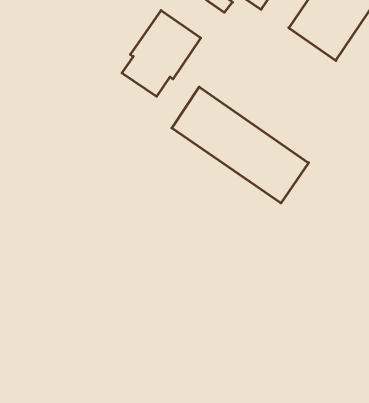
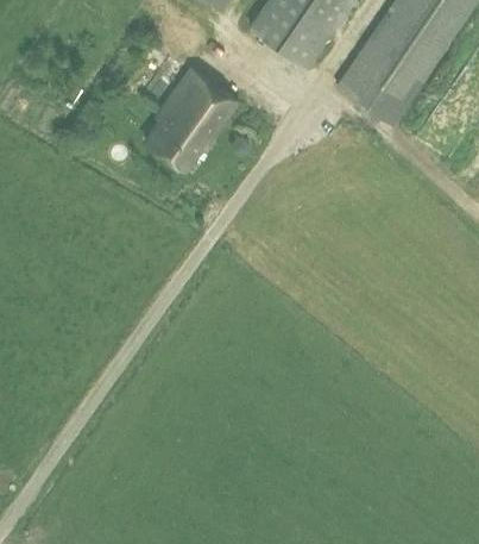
building: [172,87,309,203] -> none

